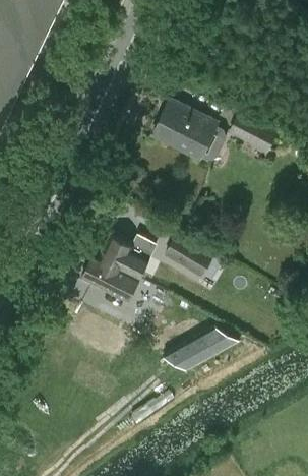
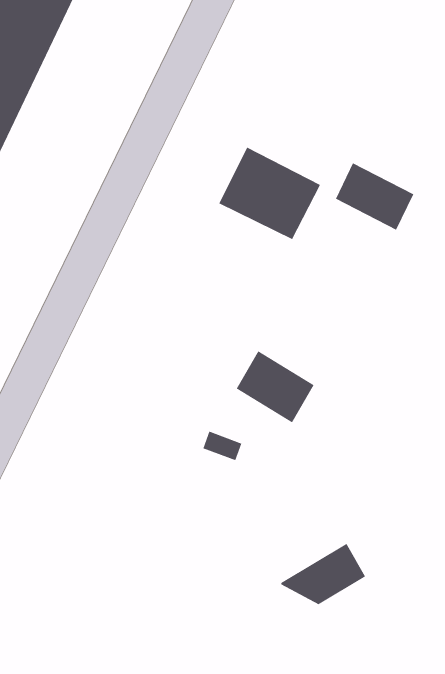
building: [80,236,156,301] -> none
building: [166,334,221,373] -> [281,543,366,605]

